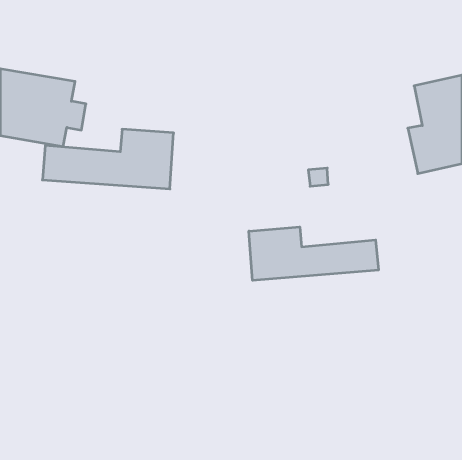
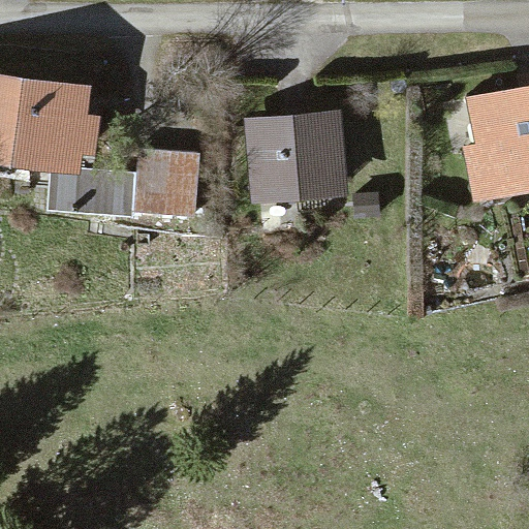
building: none -> [249,117,343,199]
building: [249,227,378,280] -> none

